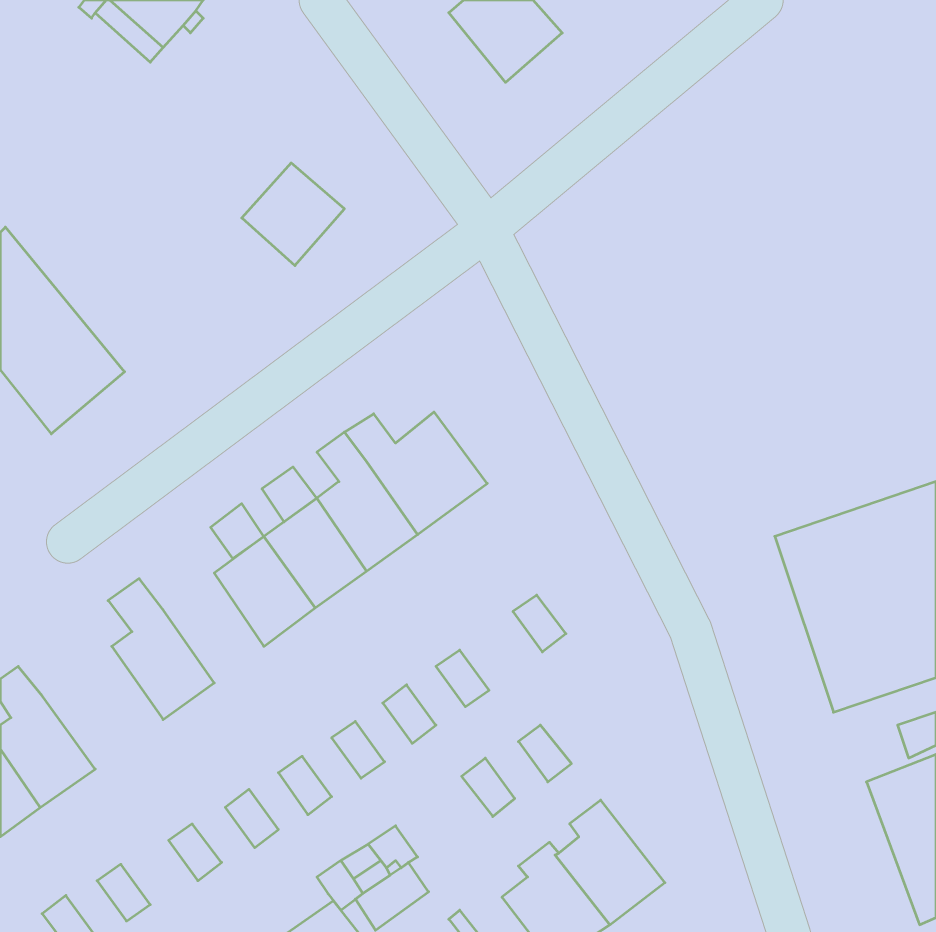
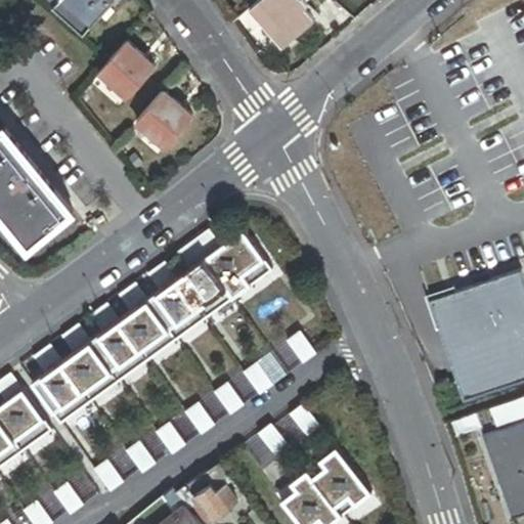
building: none -> [98,43,155,100]
building: none -> [89,304,147,384]
building: none -> [32,346,91,426]

